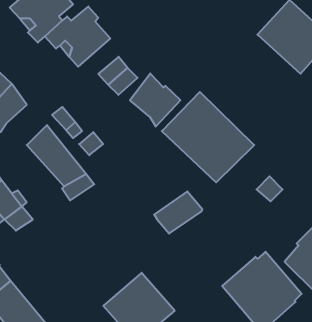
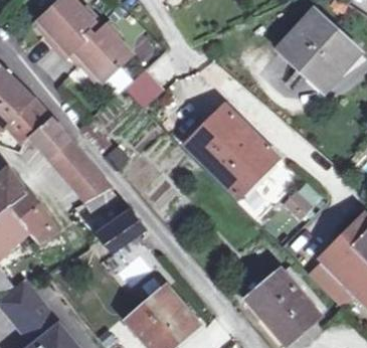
building: [130,73,180,127] -> none
building: none -> [30,117,70,159]
building: [154,191,202,234] -> [97,211,145,253]

